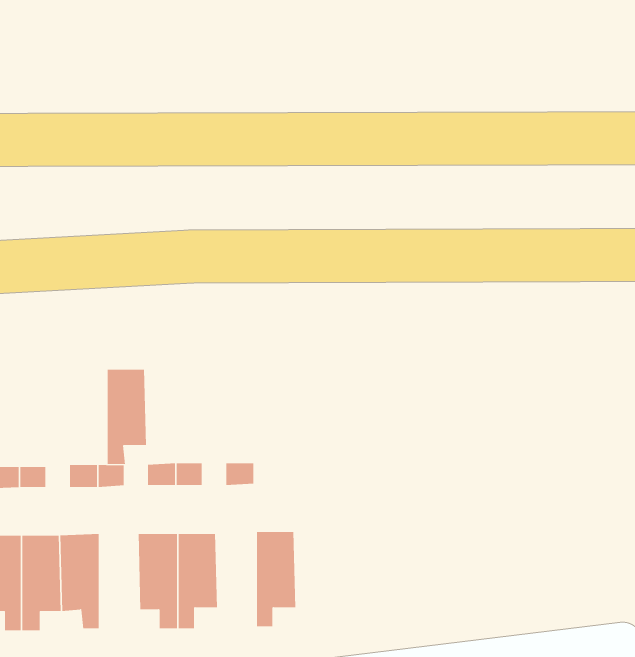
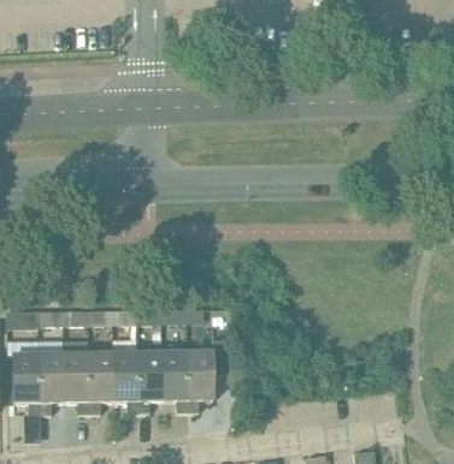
building: [107,369,147,465] -> [89,351,114,411]
building: none -> [163,350,188,410]

